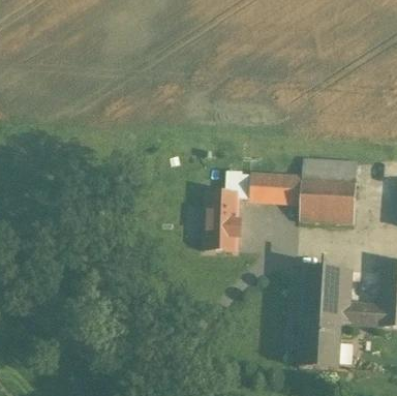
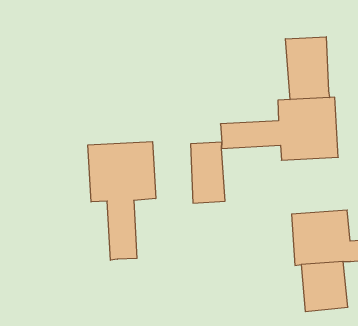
building: none -> [285,37,330,100]
building: none -> [88,142,156,260]

